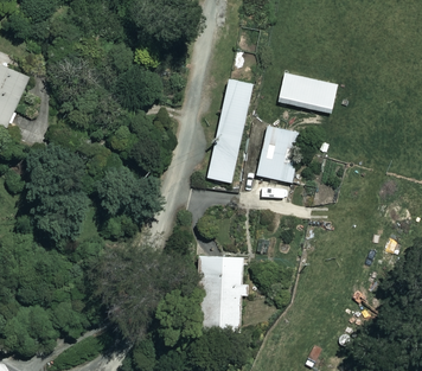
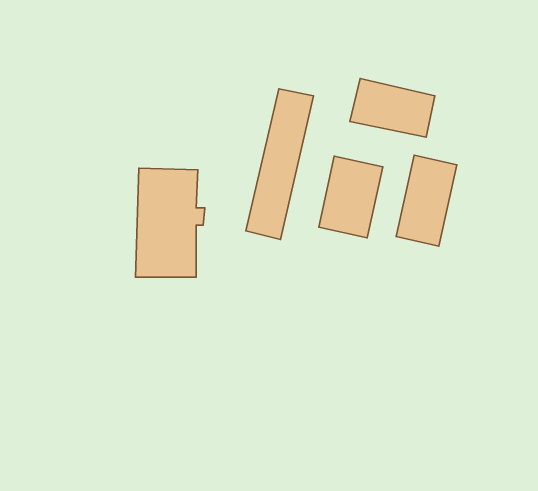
building: none -> [396,155,457,246]
building: [199,256,247,331] -> [136,168,205,277]

